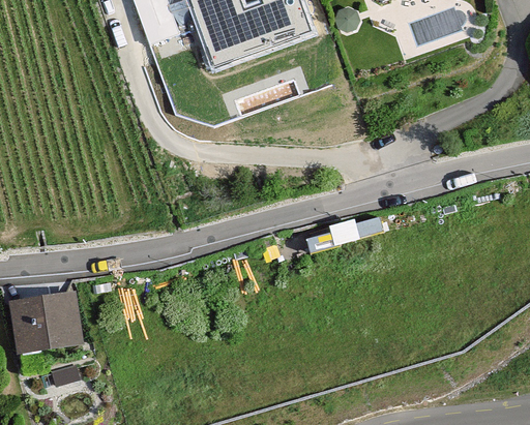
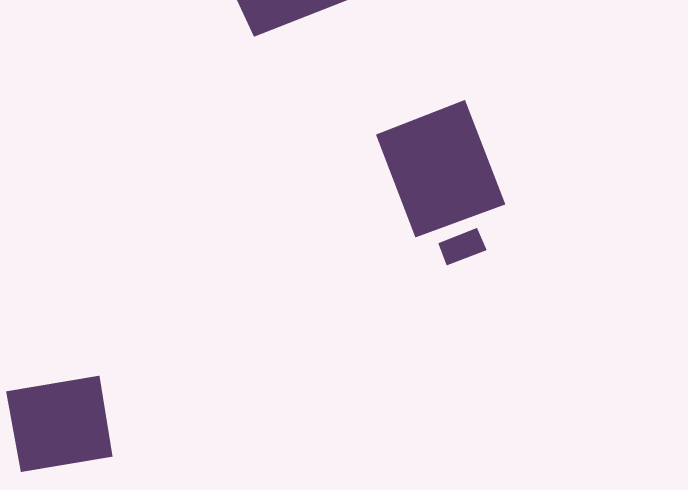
building: none -> [375,99,507,239]

